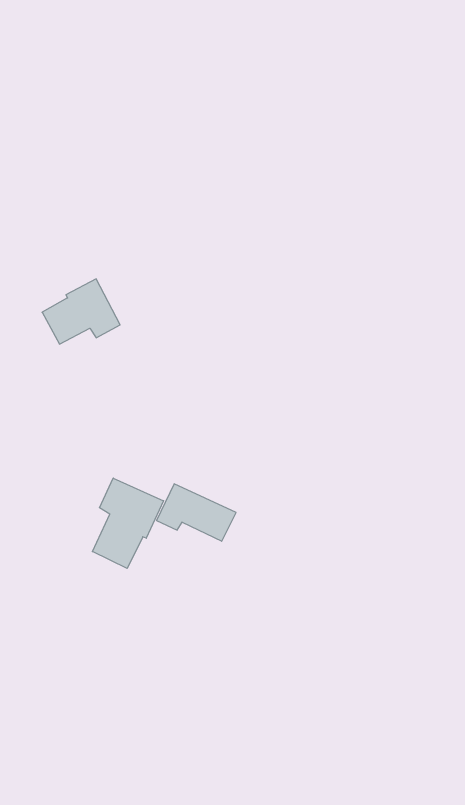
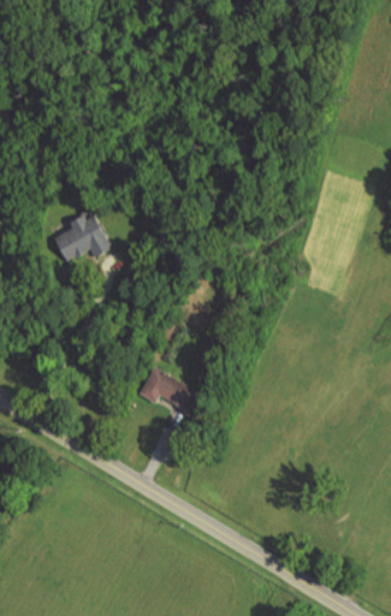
building: [92,478,164,568] -> none

